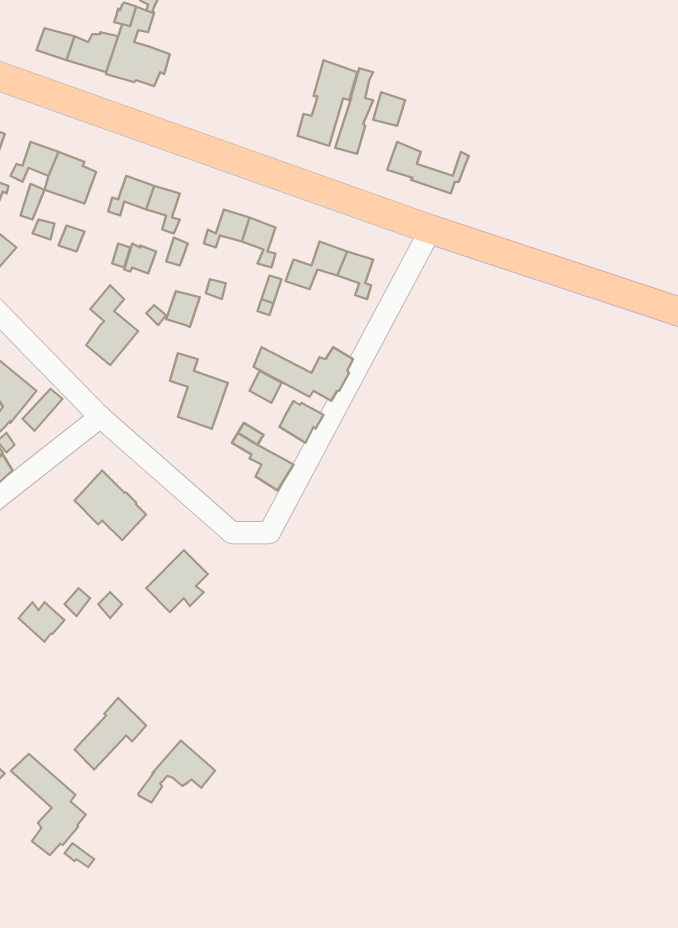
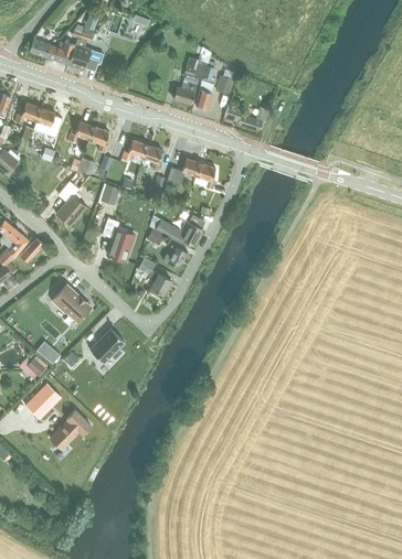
building: none -> [24,381,61,418]
building: [138,740,215,802] -> none
building: [11,754,86,855] -> none

